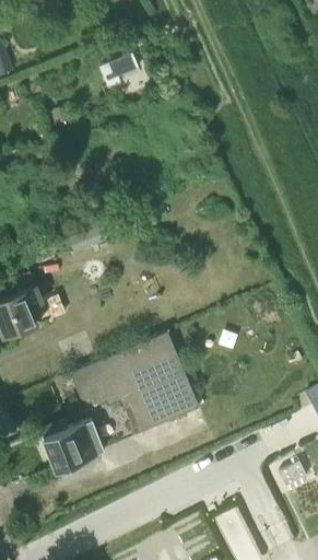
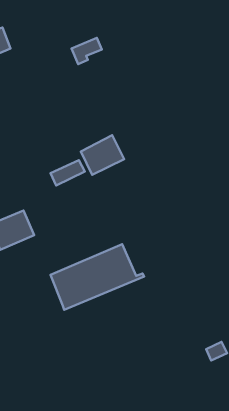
building: none -> [81,135,124,175]
building: [43,375,199,467] -> none

